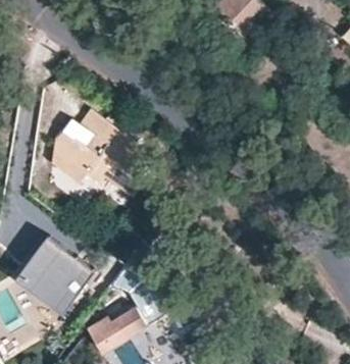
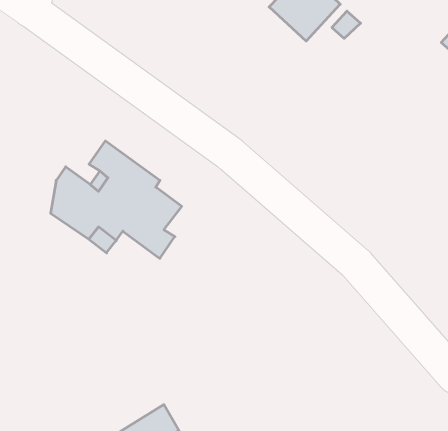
building: [17,240,100,320] -> none

